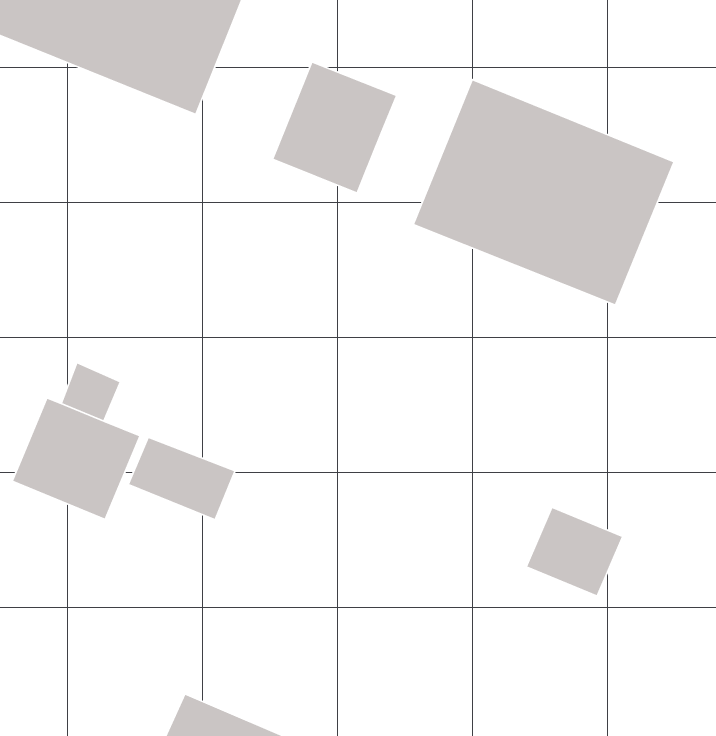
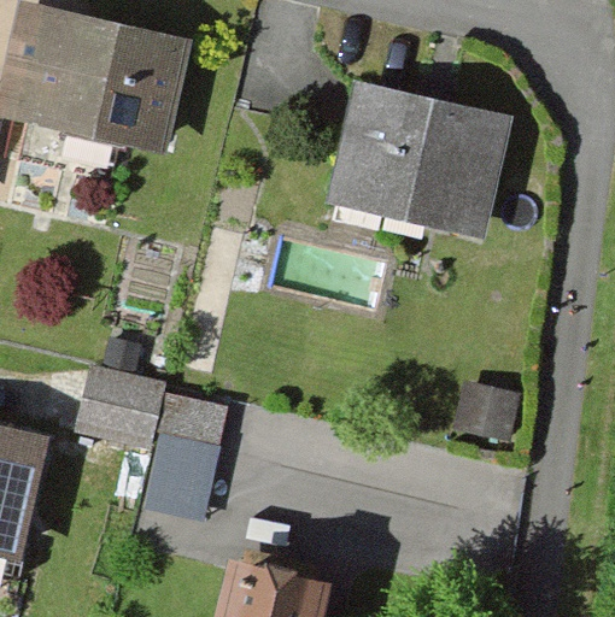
building: [272,62,397,193] -> none
building: none -> [148,427,221,511]

